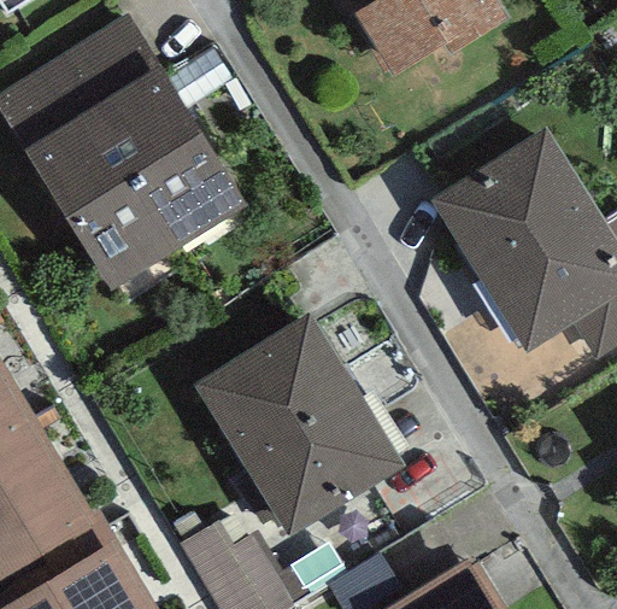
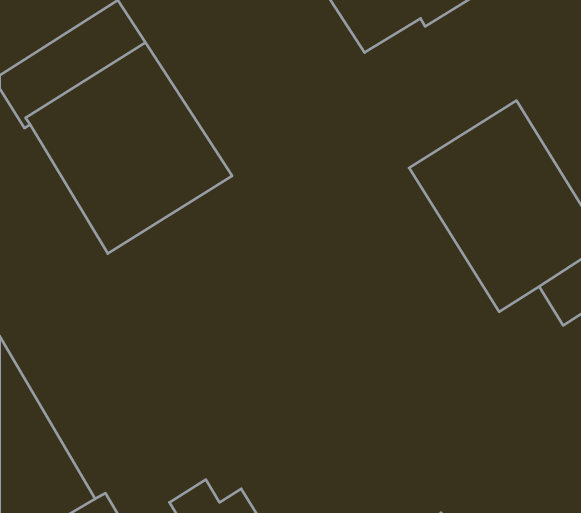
building: [193,310,405,534] -> none

